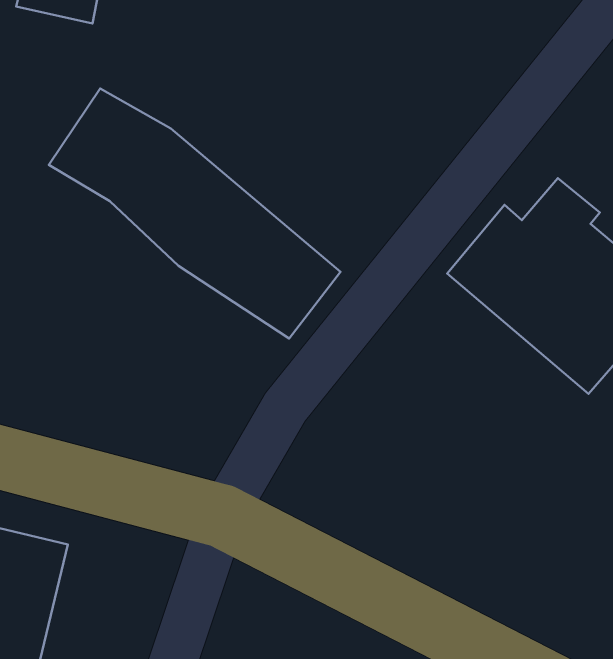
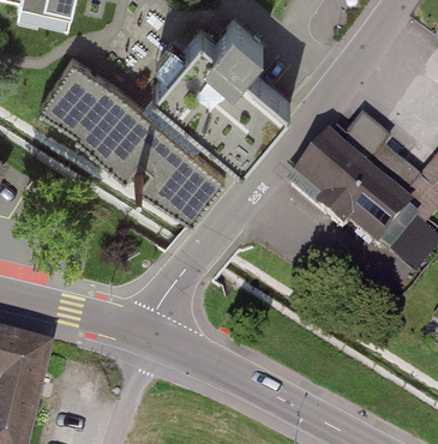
building: none -> [152,25,289,164]

